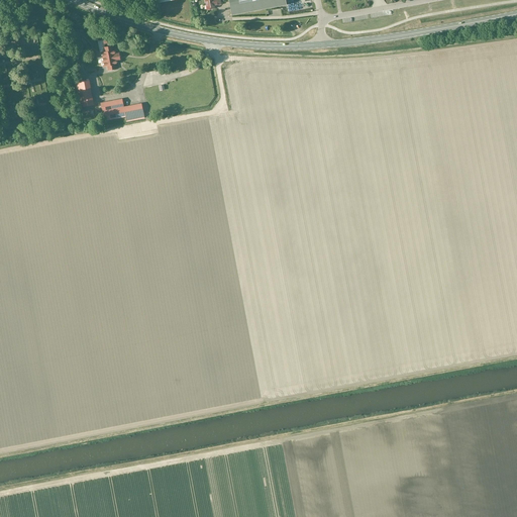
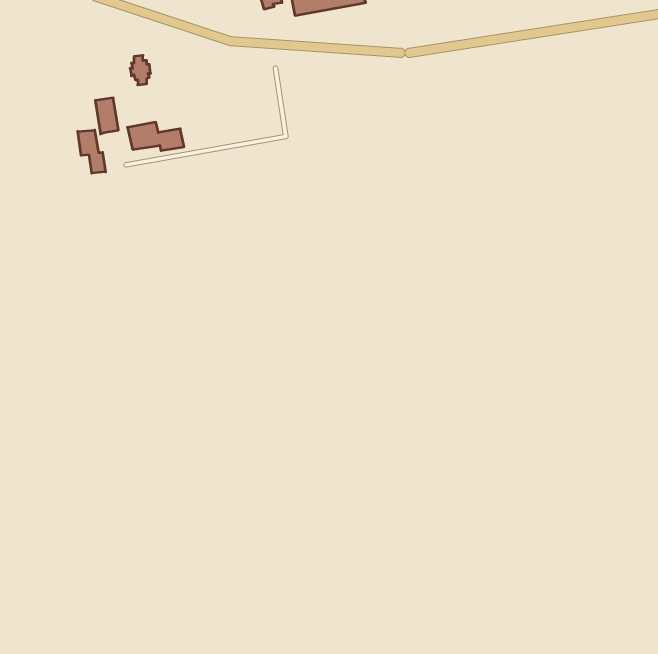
building: none -> [78,130,106,173]

